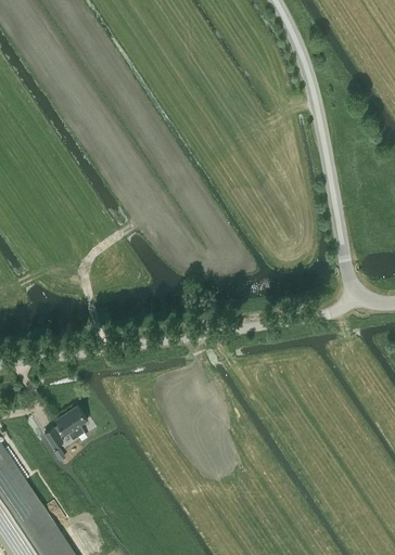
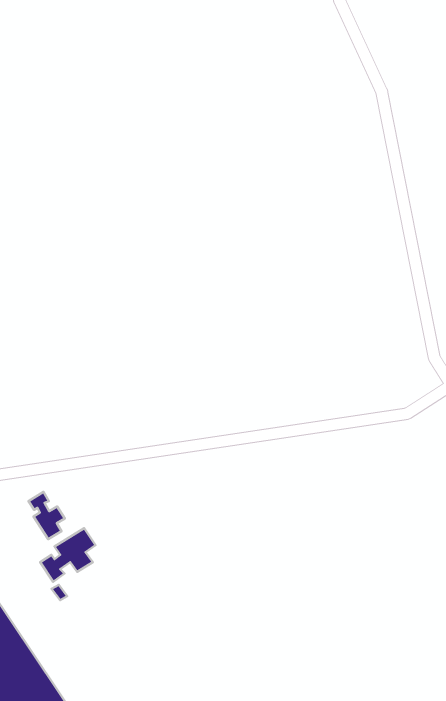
building: none -> [28,492,65,539]

